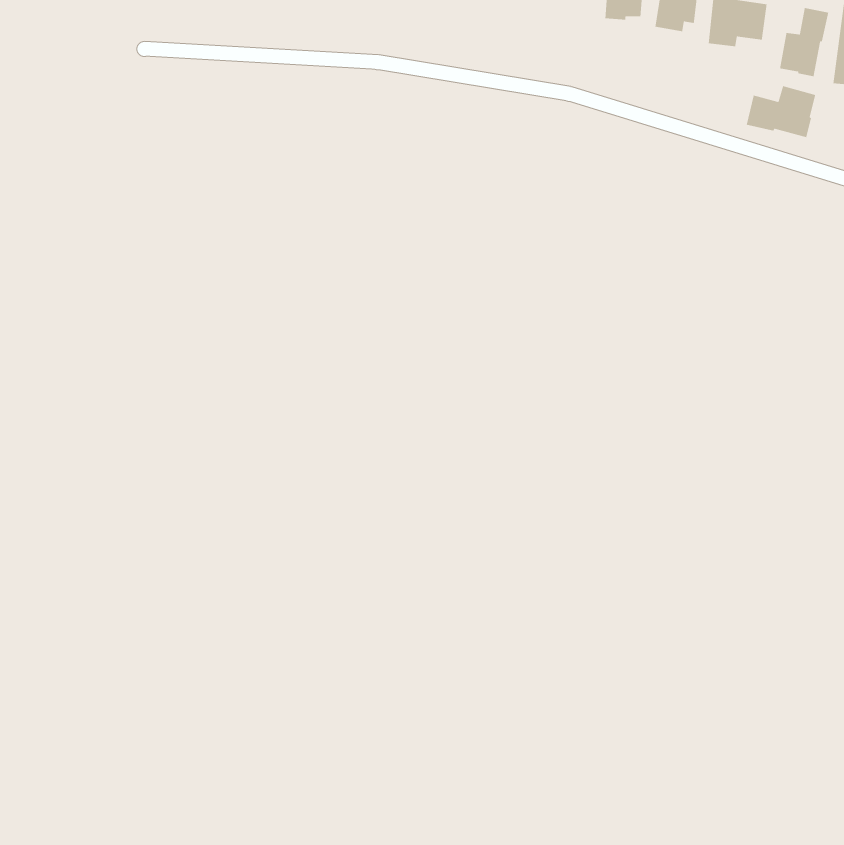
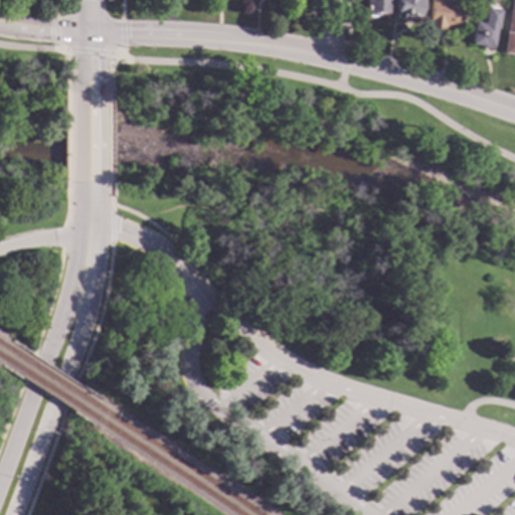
building: [746,85,816,138] -> none

